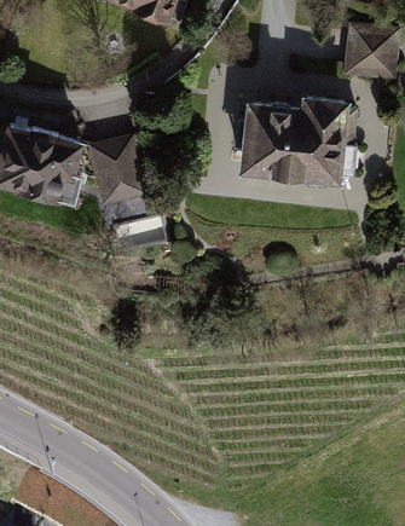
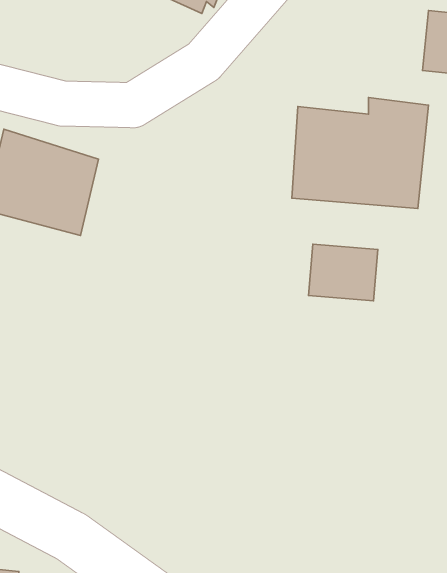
building: [86,133,146,208] -> none
building: none -> [309,244,378,301]

